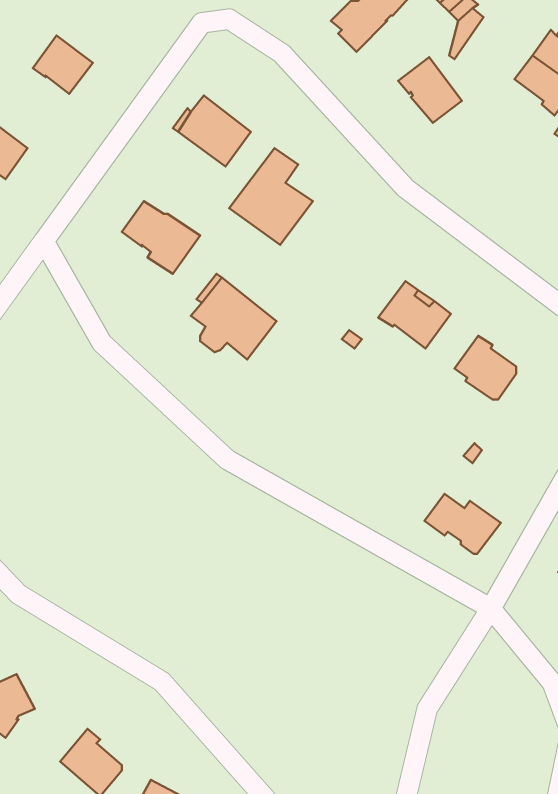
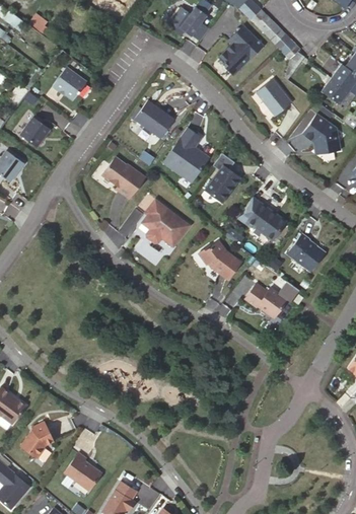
building: none -> [302,114,340,153]
building: none -> [205,153,239,202]
building: none -> [199,240,240,279]
building: [424,494,501,554] -> [244,283,287,316]

